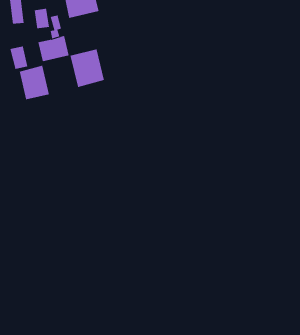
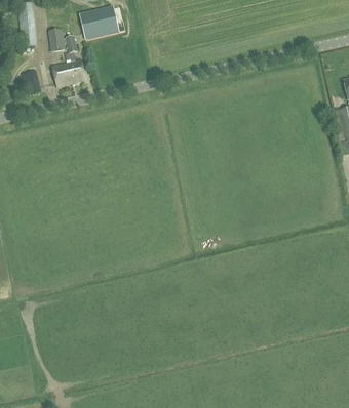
building: [70,49,104,88] -> none
building: [19,65,50,100] -> none

